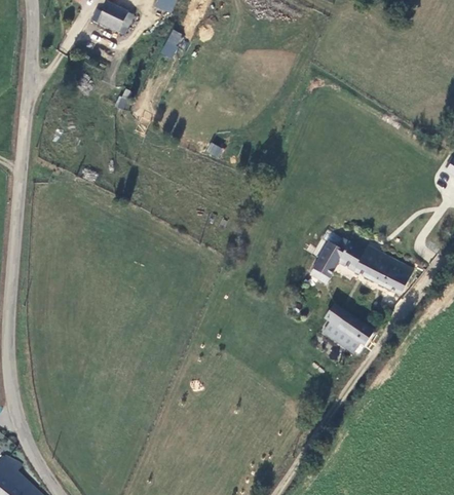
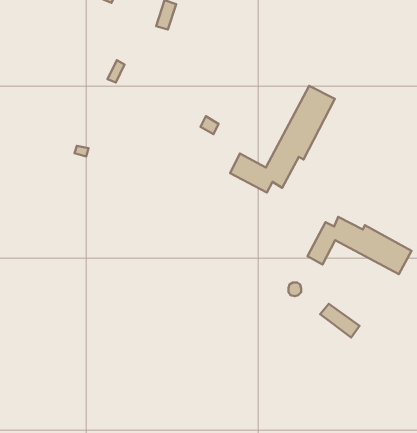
building: none -> [230,86,335,192]
building: [326,305,373,346] -> none

